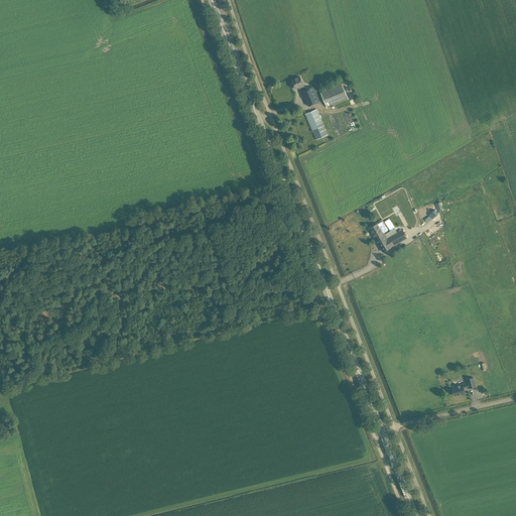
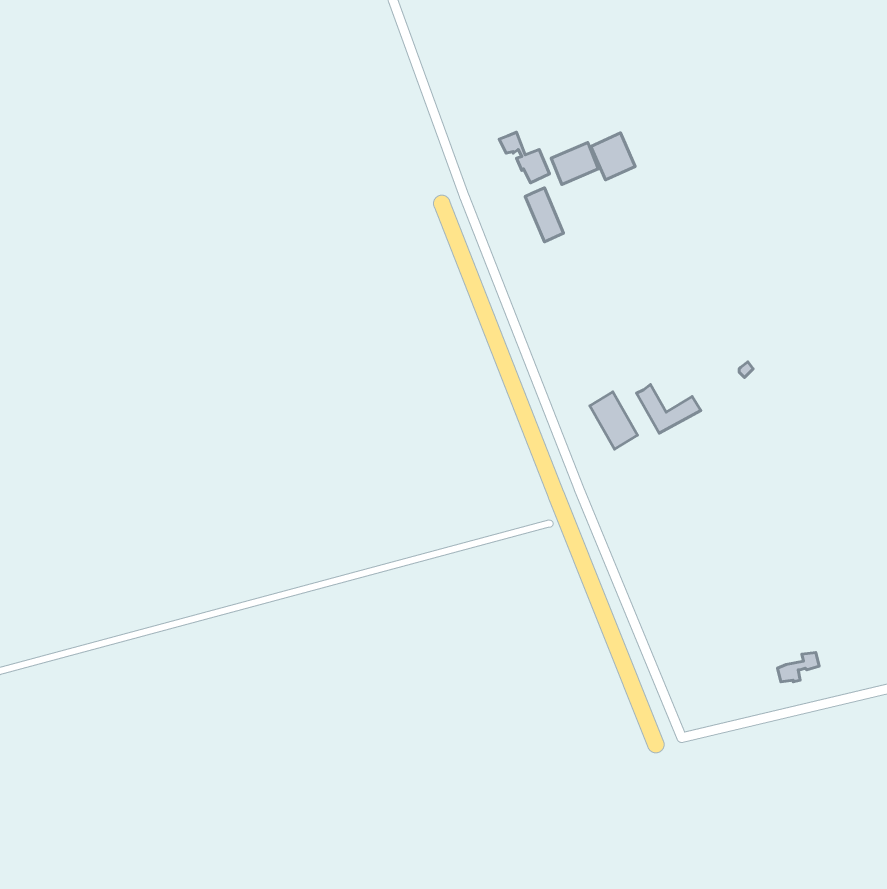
building: none -> [591,133,635,180]
building: none -> [590,392,637,449]

